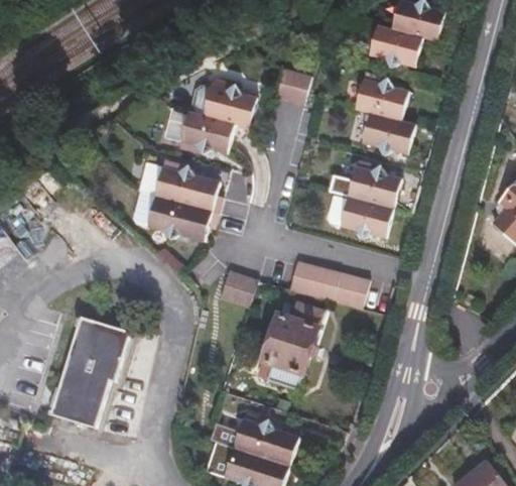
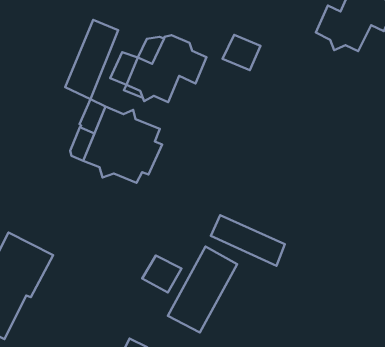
building: [353,76,414,156] -> none
building: none -> [65,20,118,99]
building: [338,164,401,242] -> none
building: [223,267,262,303] -> [142,256,182,292]

